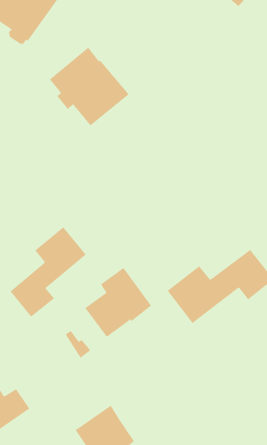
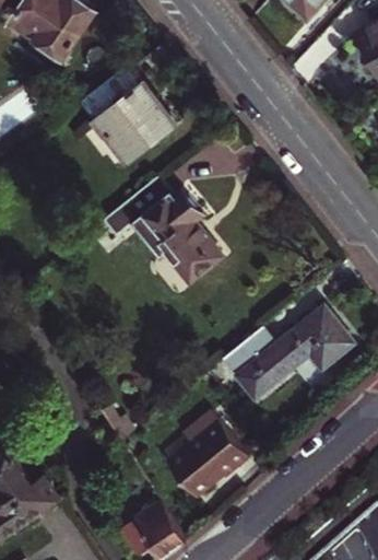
building: none -> [106,182,223,283]
building: [10,227,86,317] -> none
building: [85,267,152,337] -> [166,408,247,492]

